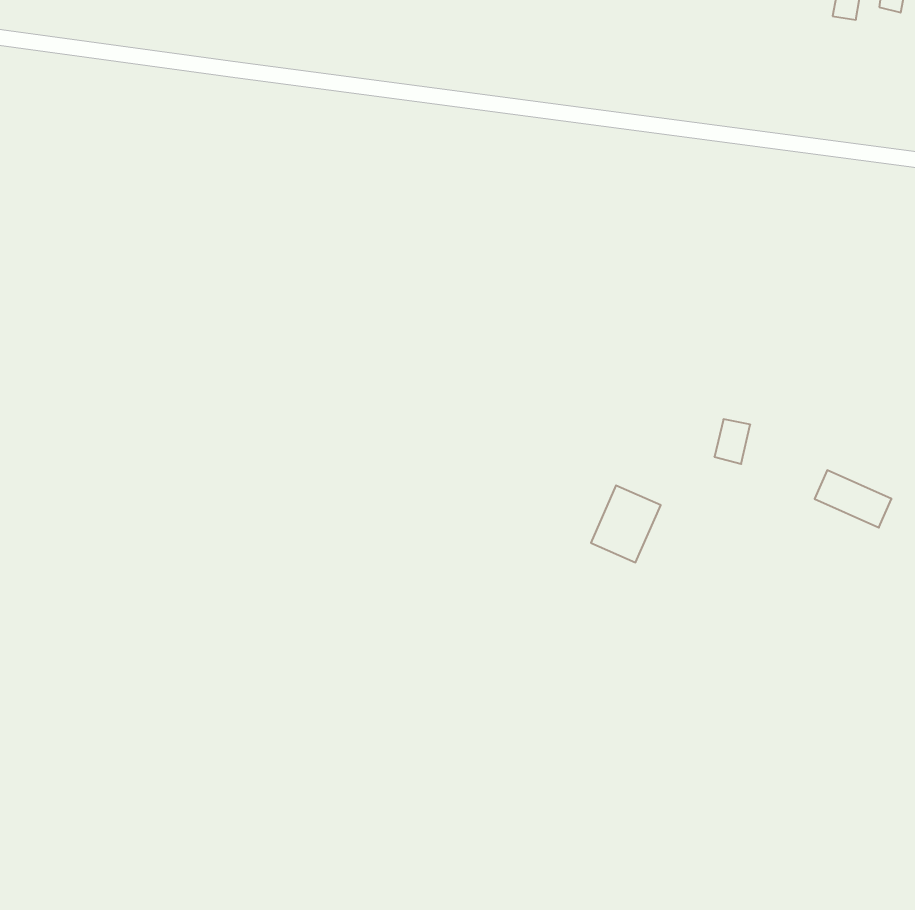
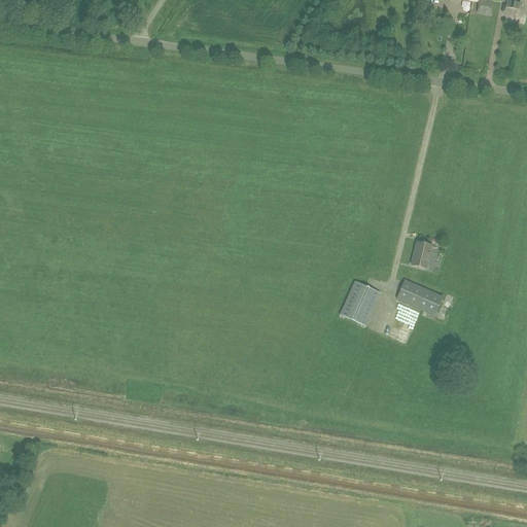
building: [815,470,892,528] -> [397,280,442,313]

